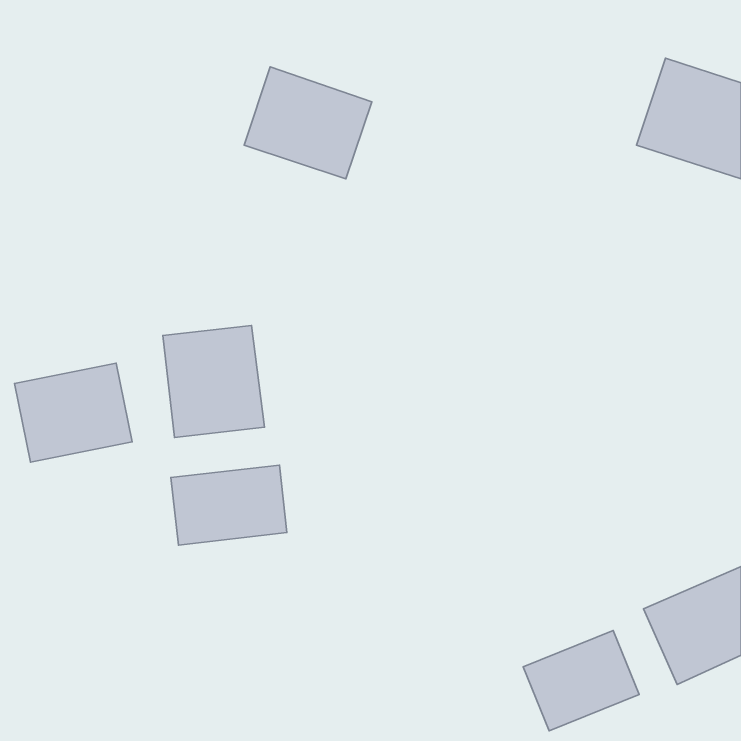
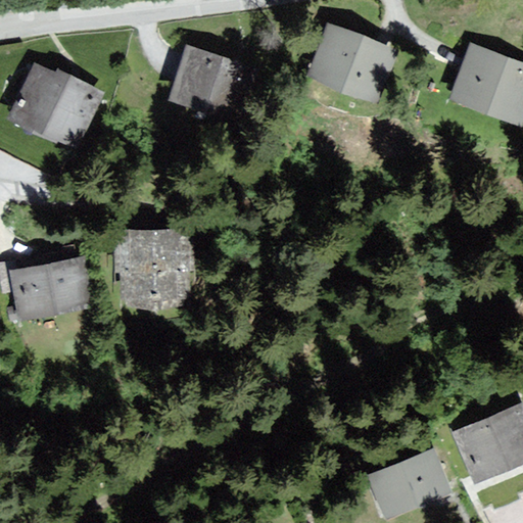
building: none -> [312,23,407,107]
building: none -> [13,67,100,146]
building: [171,465,287,545] -> none

